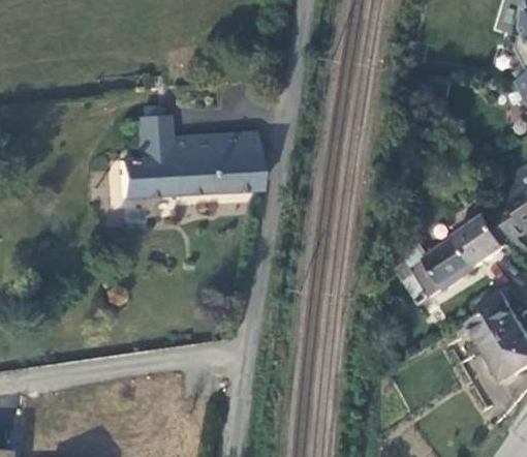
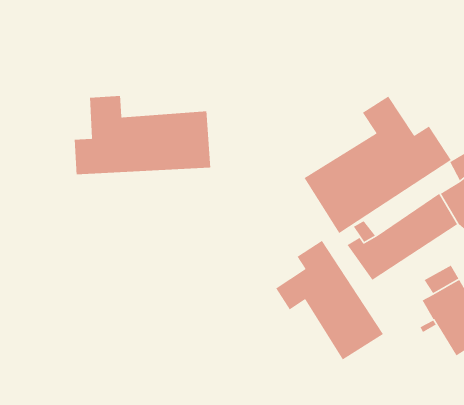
building: none -> [304,95,452,234]
building: none -> [275,240,384,360]

